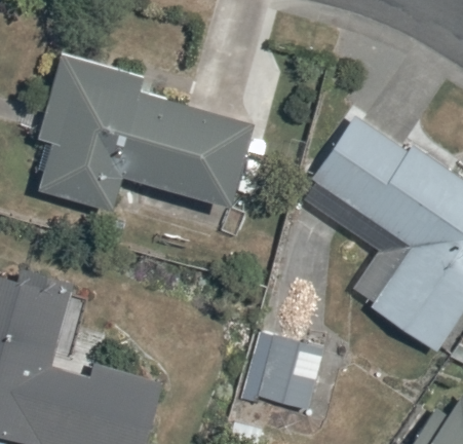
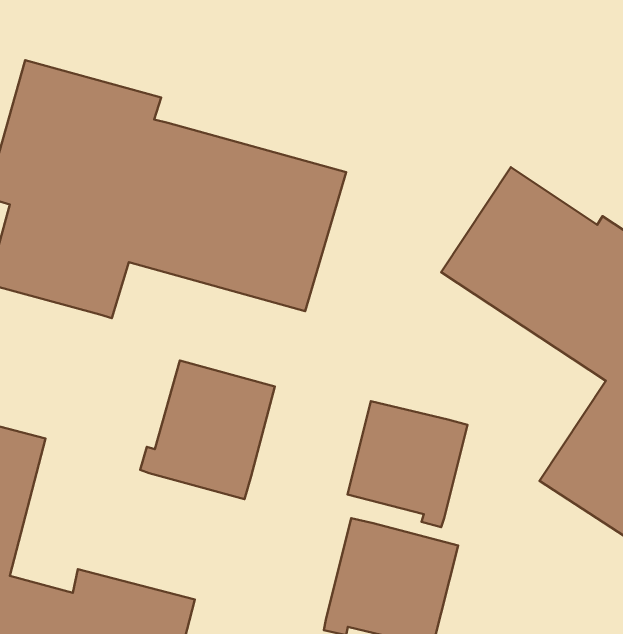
building: none -> [140,361,275,499]
building: none -> [348,401,468,527]

